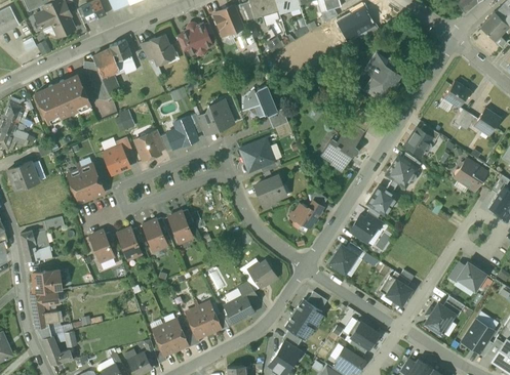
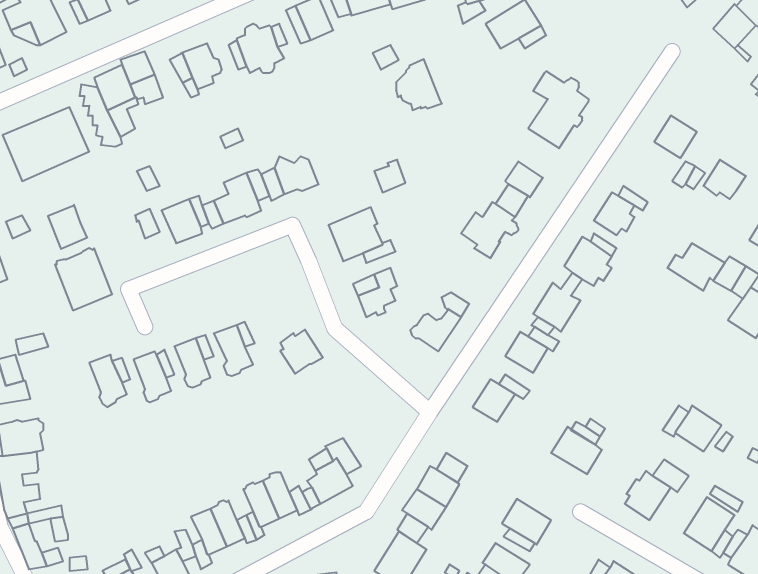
building: [248,84,277,116] -> [396,59,442,110]
building: [104,145,128,173] -> [48,205,87,249]
building: [250,259,277,287] -> [280,330,323,374]

